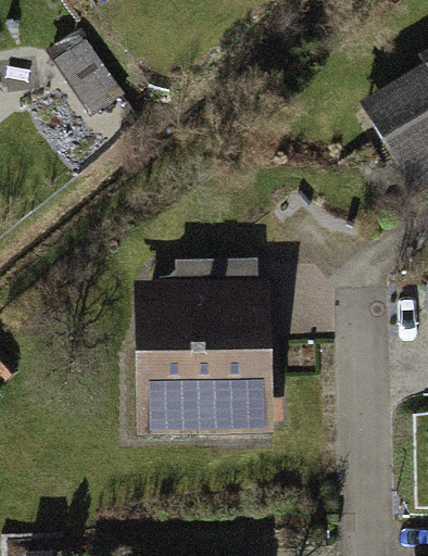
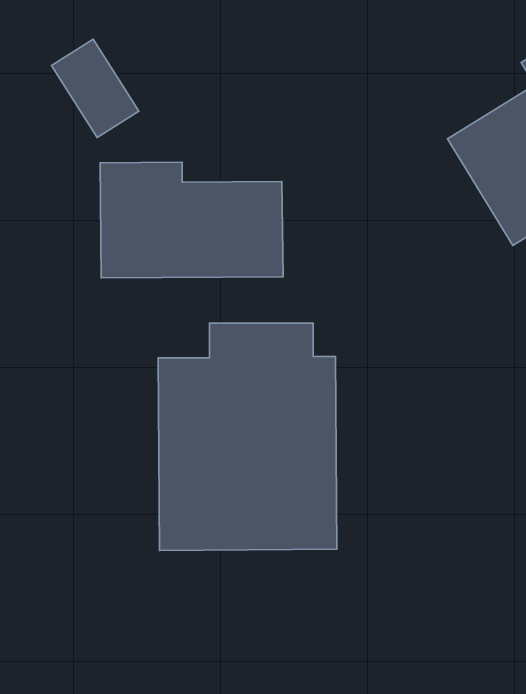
building: none -> [100,162,283,278]

